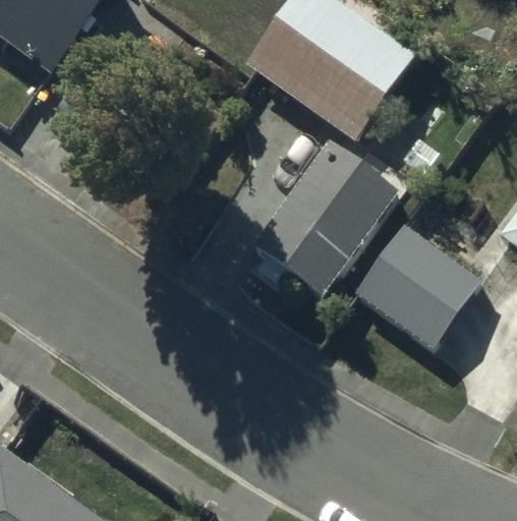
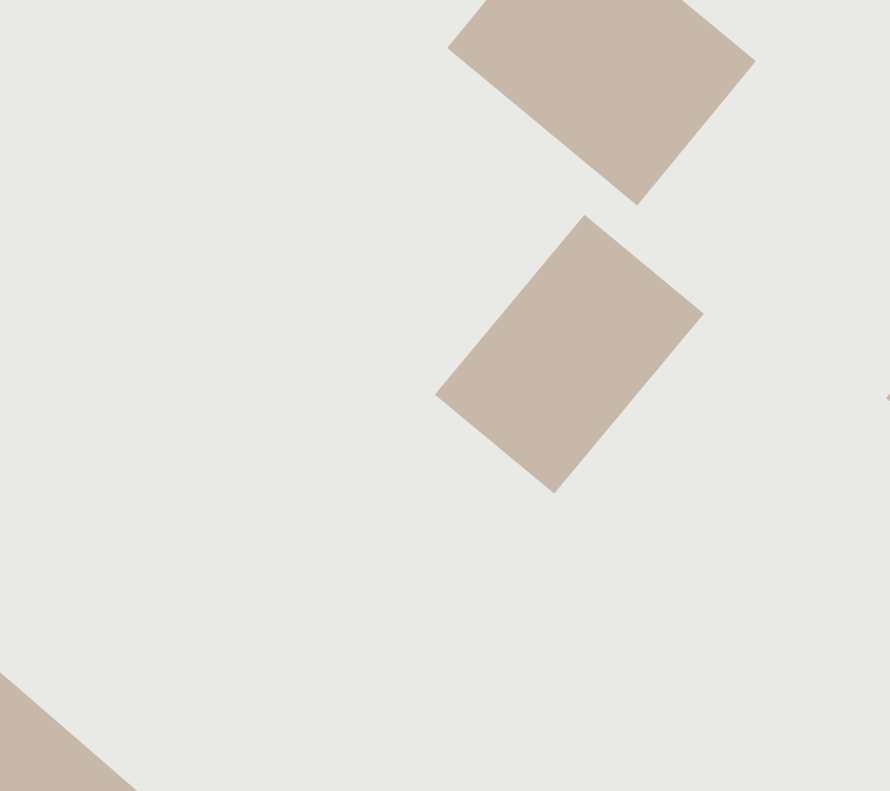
building: [370,240,475,349] -> none

